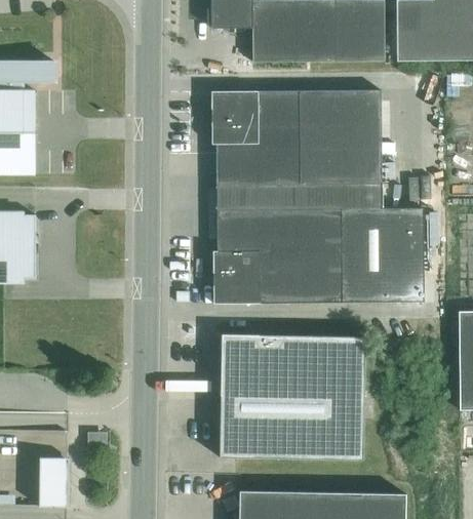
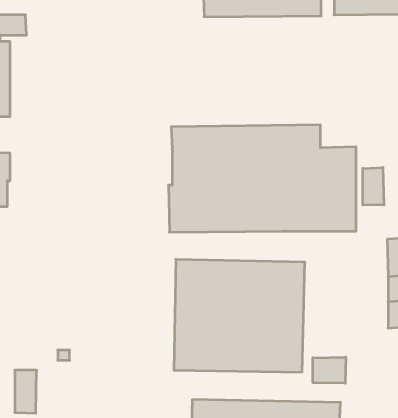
building: [211,89,383,185] -> none
building: none -> [363,167,384,205]
building: none -> [313,357,346,383]

